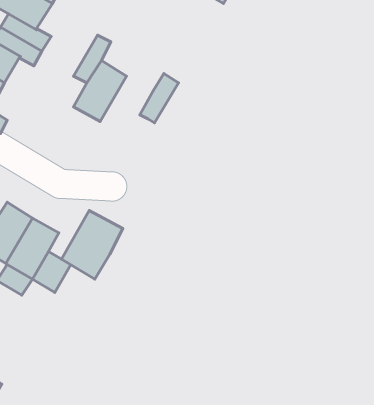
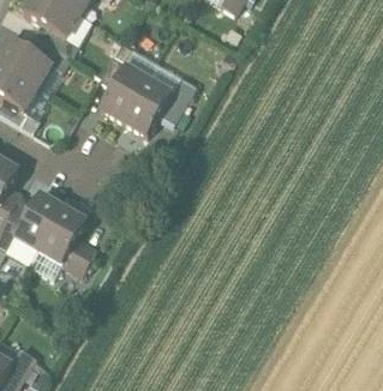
building: none -> [124,79,172,134]
building: [62,211,123,279] -> none

